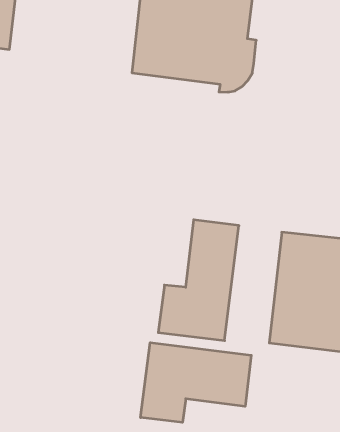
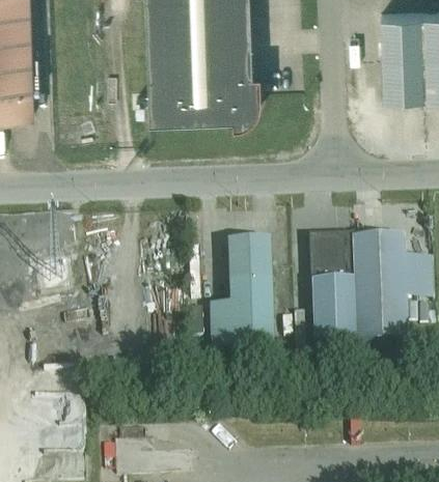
building: [141,343,251,422] -> none

